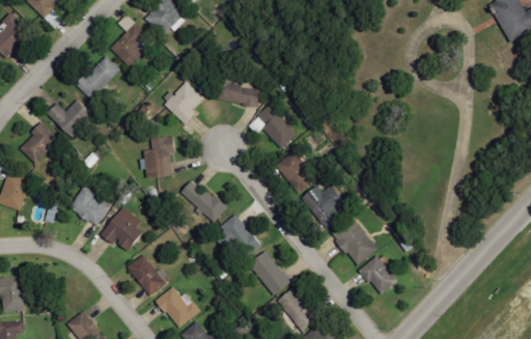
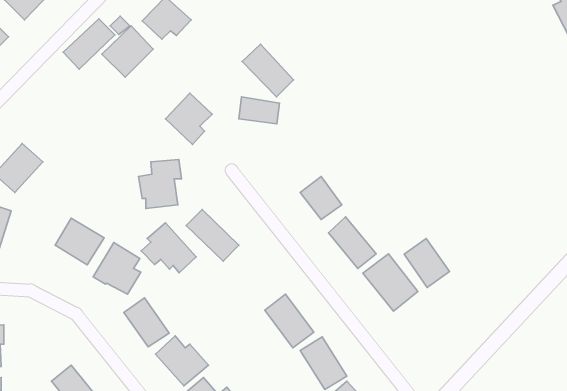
building: [76,56,119,98] -> [63,19,115,69]
building: [47,98,92,136] -> none
building: [253,103,297,147] -> [242,44,294,97]
building: [213,214,259,256] -> [141,223,196,273]
building: [359,254,397,295] -> [404,238,449,287]

